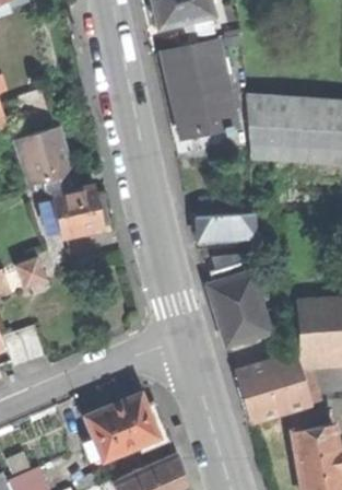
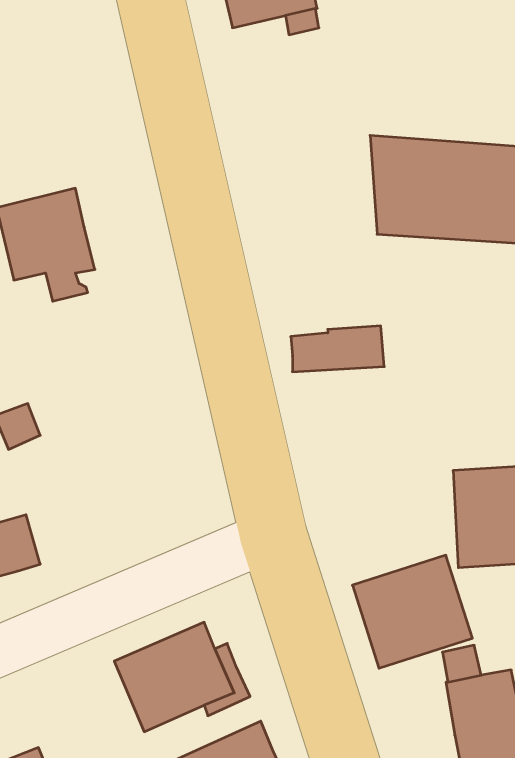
building: [165,39,236,135] -> none
building: [49,186,101,238] -> none
building: [210,261,270,343] -> none

